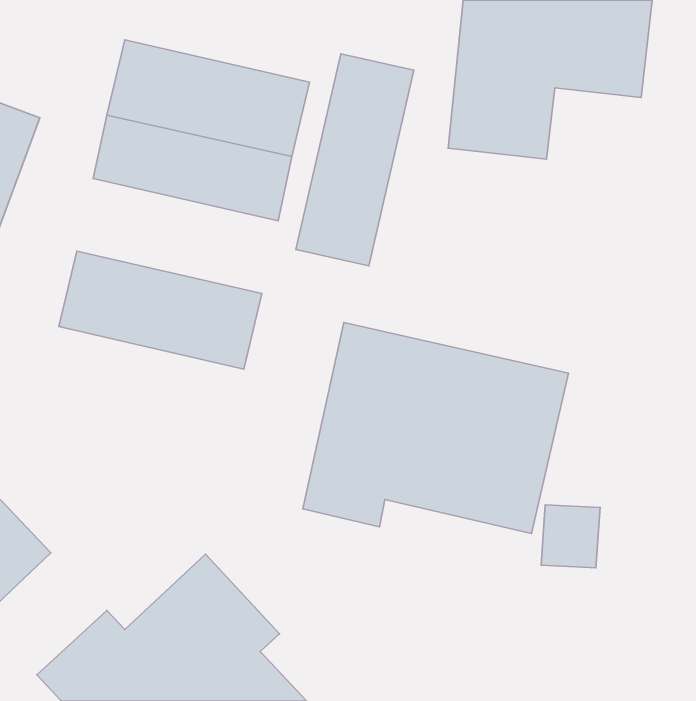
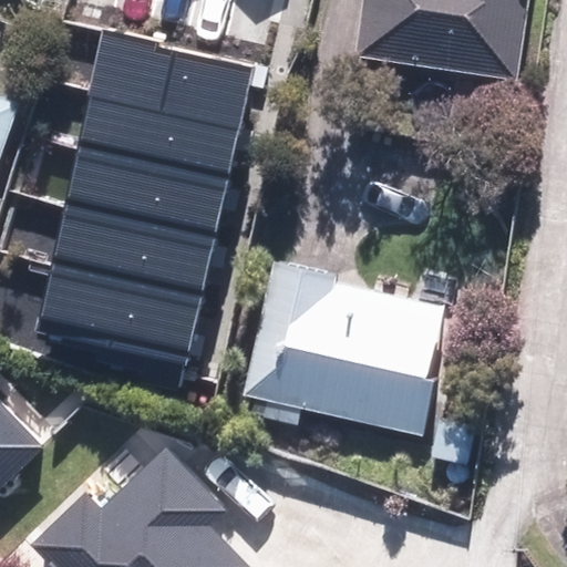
building: [296,54,414,266] -> none
building: none -> [62,144,225,237]
building: none -> [32,264,197,365]

